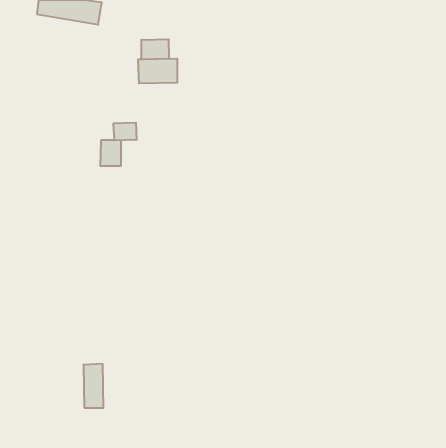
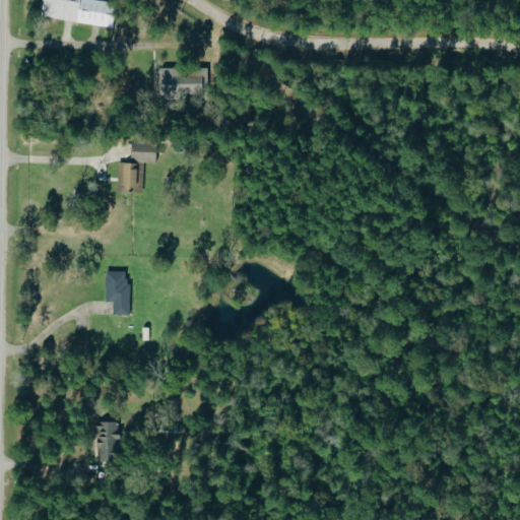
building: [141,39,169,60] -> none
building: none -> [105,271,129,315]

